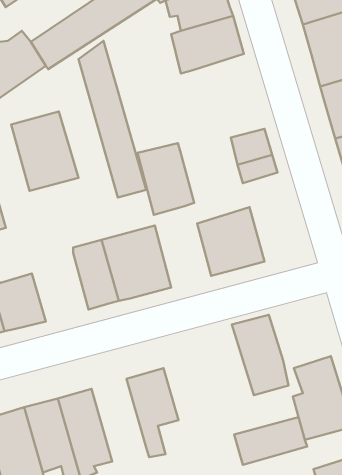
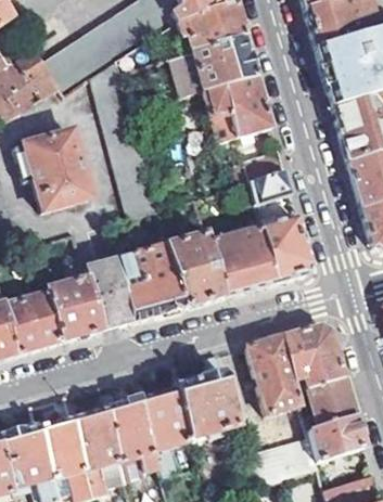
building: none -> [205,74,270,136]
building: [138,143,194,215] -> [167,235,224,307]
building: none -> [261,217,309,281]
building: none -> [43,272,101,340]
building: none -> [281,324,343,387]
building: none -> [176,353,239,439]
building: none -> [104,398,158,480]

